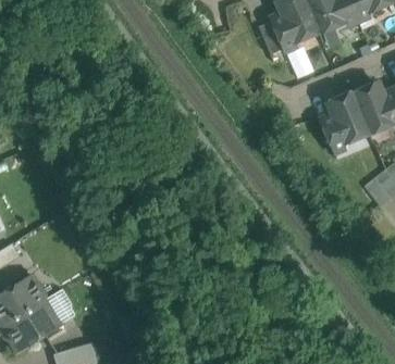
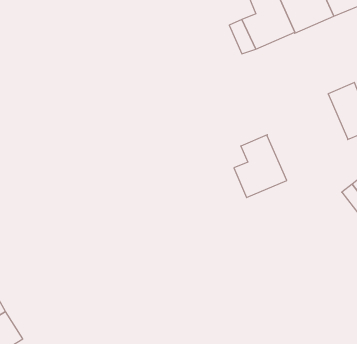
building: [320,91,370,151] -> [234,135,287,198]

